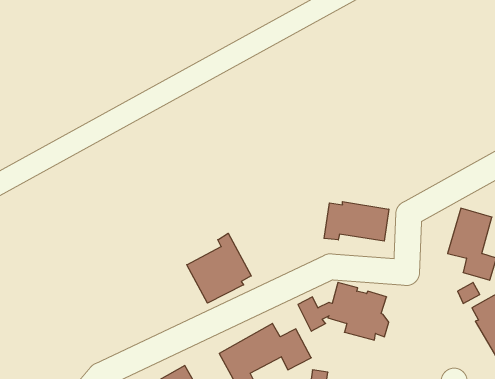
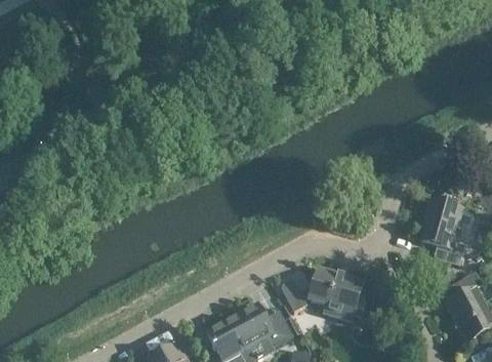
building: [324,202,389,241] -> none
building: [187,233,251,303] -> none

